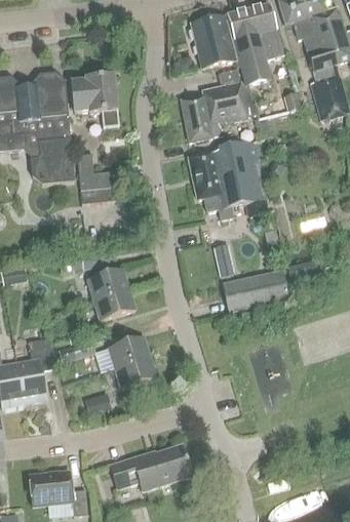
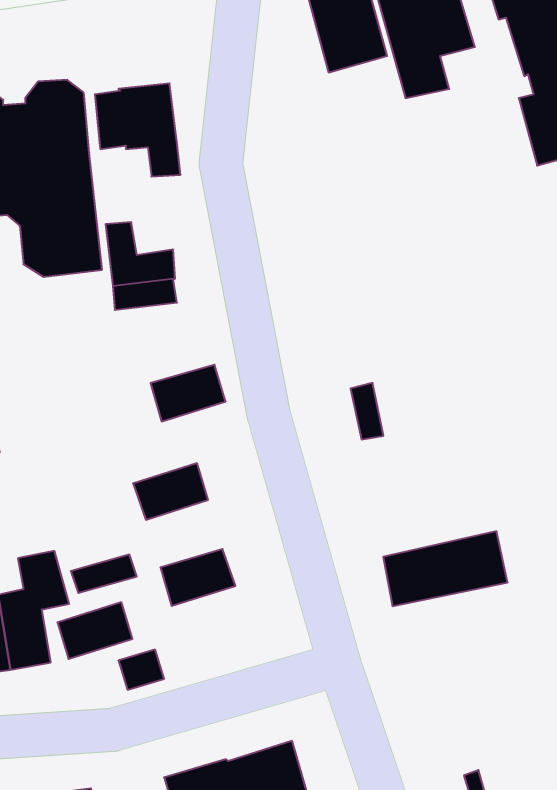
building: [180,82,257,140] -> none
building: [187,139,266,219] -> none
building: [85,267,127,298] -> [151,365,226,421]
building: [222,268,291,310] -> [383,531,508,606]
building: [113,356,155,388] -> [57,602,132,659]

